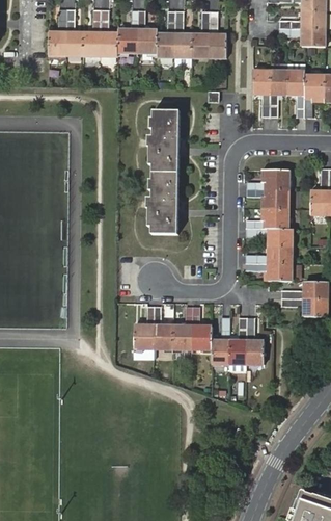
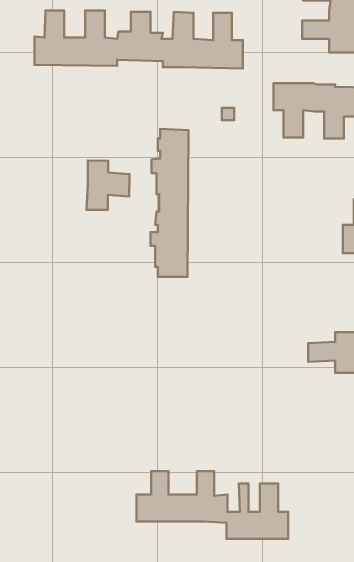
building: none -> [87,161,129,210]
building: [245,171,292,282] -> none
building: [136,307,264,364] -> [136,471,288,539]

